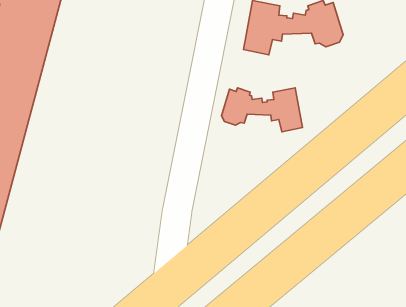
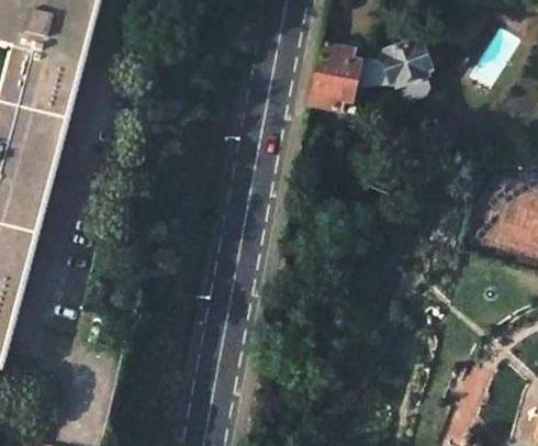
building: [221,88,302,132] -> none

